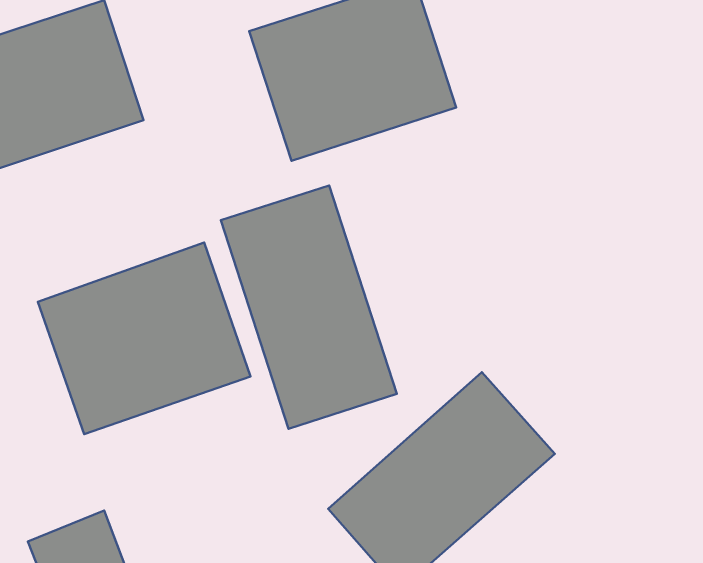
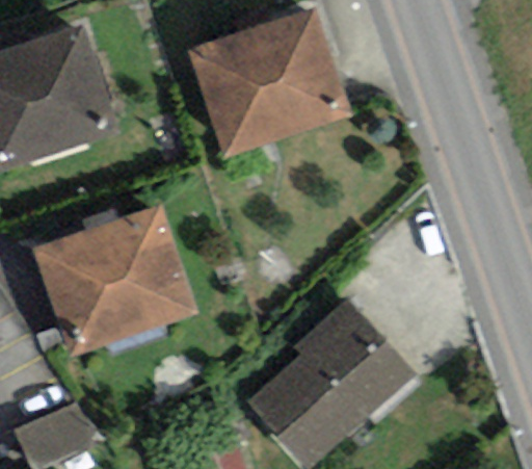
building: [221,185,397,429] -> none

